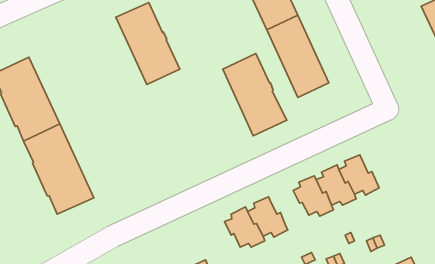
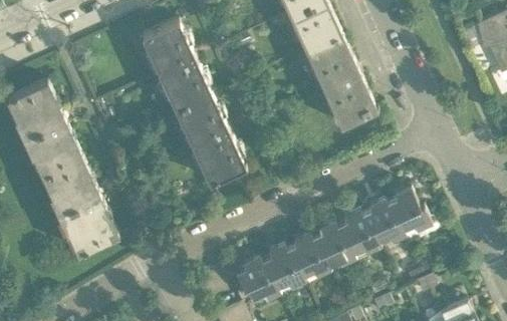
building: [223,54,287,136] -> [175,93,245,184]
building: none -> [310,222,354,266]
building: none -> [234,257,279,301]

